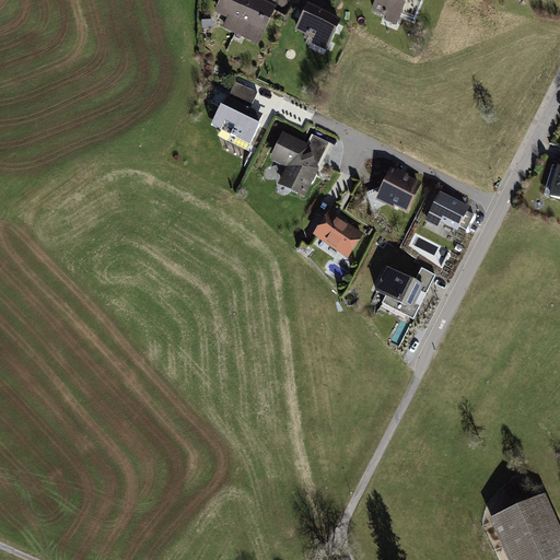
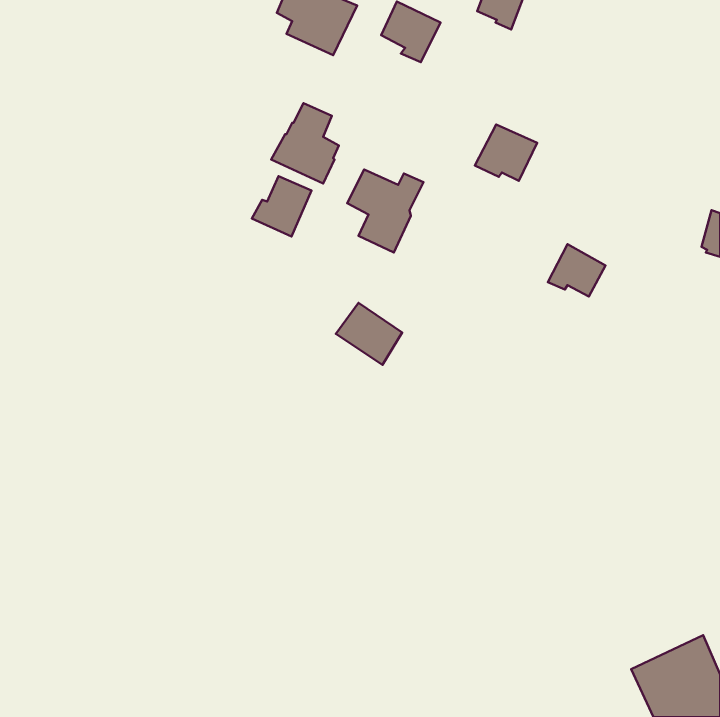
building: none -> [252,176,311,237]
building: [374,166,422,210] -> [475,124,537,181]
building: [312,209,363,257] -> [336,303,402,365]
building: [375,267,435,317] -> none

